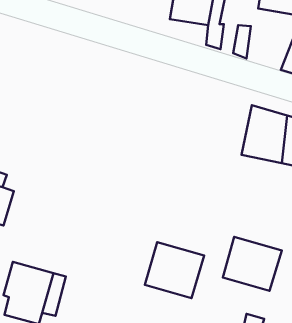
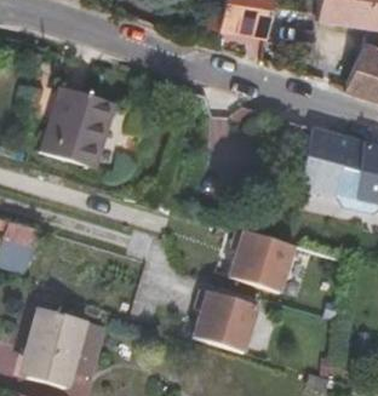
building: none -> [39,87,115,170]
building: [223,237,282,291] -> [228,229,297,292]

